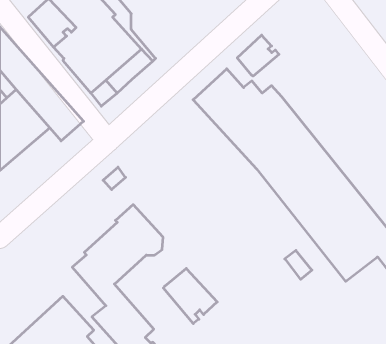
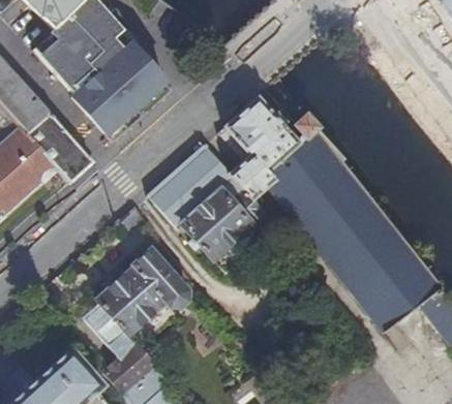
building: [237,35,279,76] -> none
building: none -> [144,146,272,275]
building: [163,268,217,324] -> none

